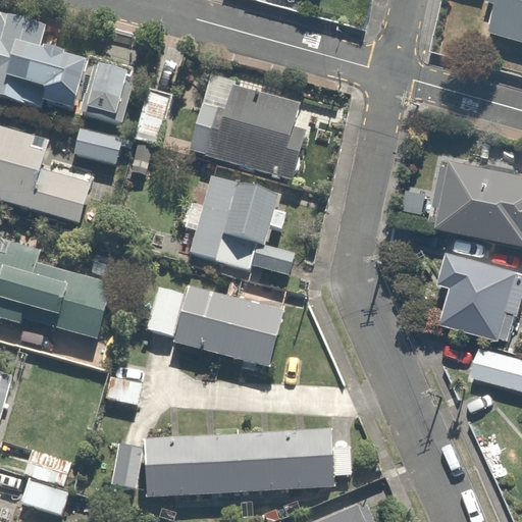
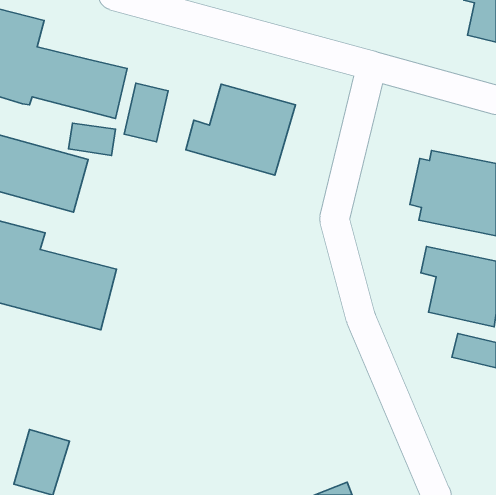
building: [175,169,297,277] -> none
building: [147,280,289,371] -> none
building: [138,427,349,499] -> none

